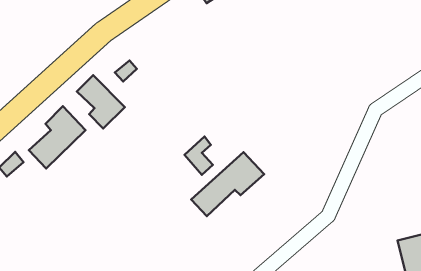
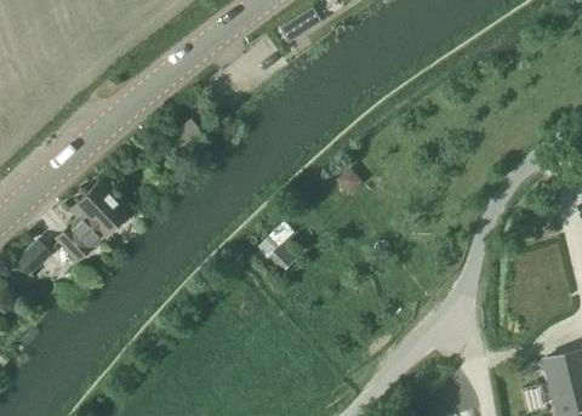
building: [77,75,125,129] -> none
building: [191,152,264,216] -> none

